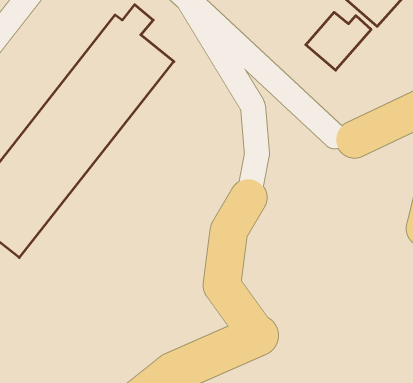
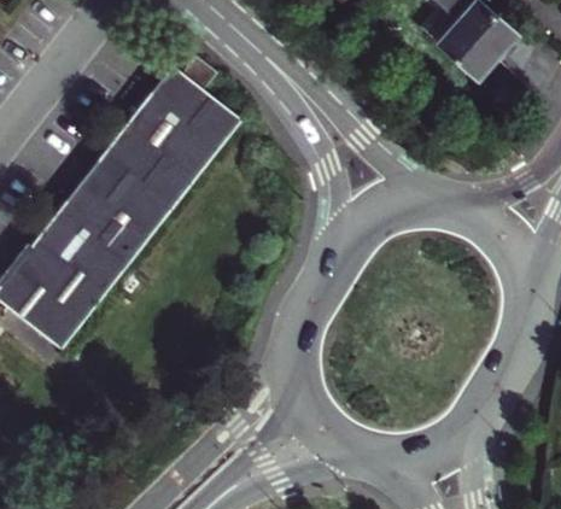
building: [306,12,371,70] -> none

